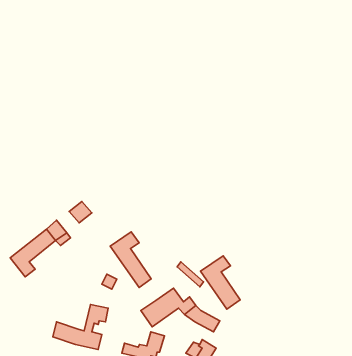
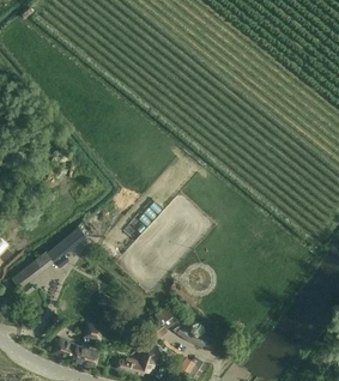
building: [110,232,151,288] -> none
building: [200,256,240,309] -> none

